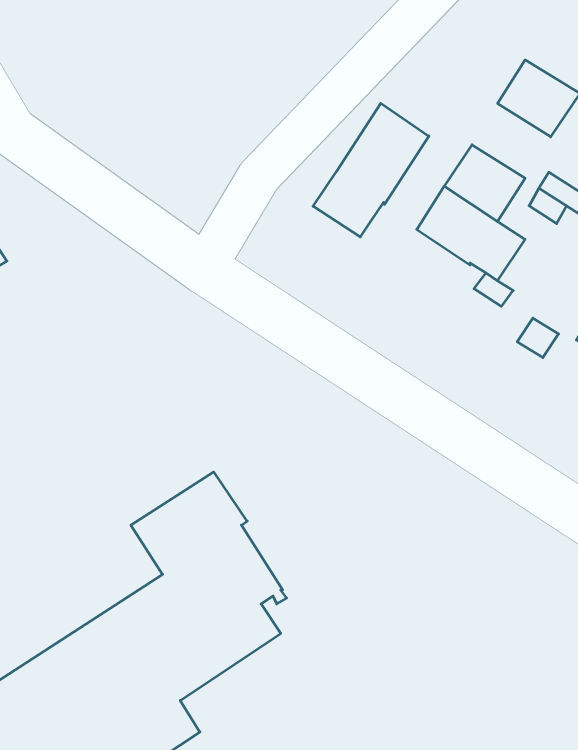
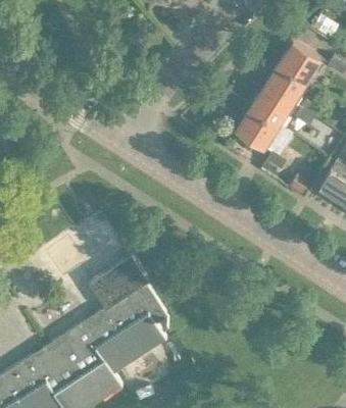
building: [313,103,429,237] -> none
building: none -> [266,63,307,102]

